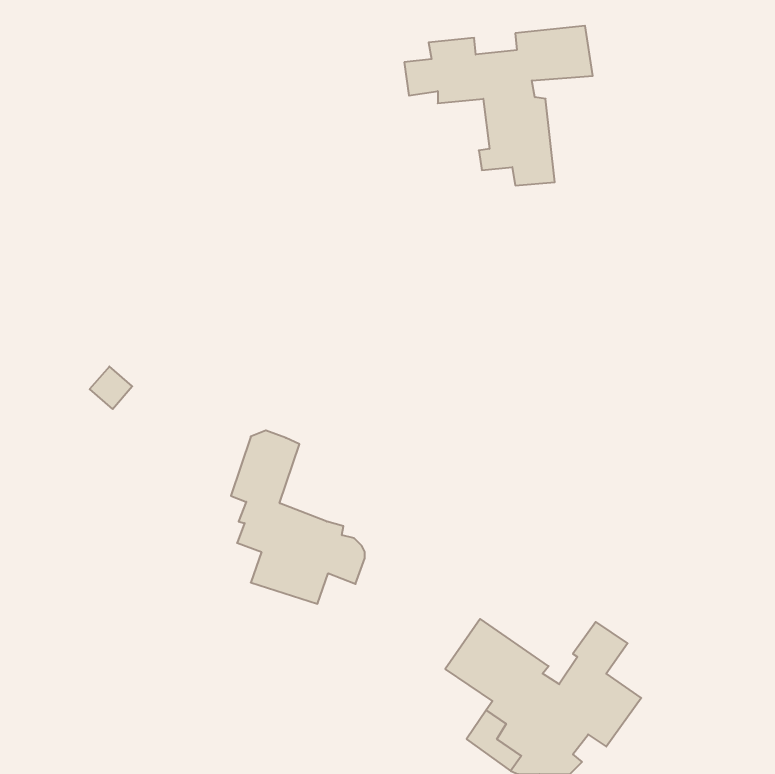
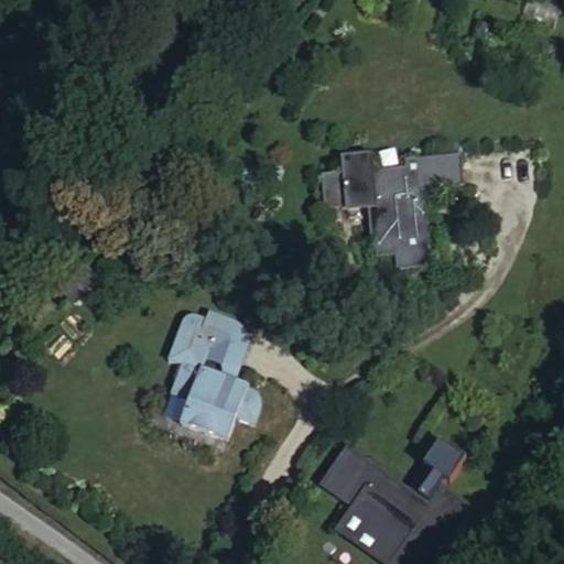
building: [404,26,593,185] -> [317,147,454,262]
building: none -> [203,308,249,378]

